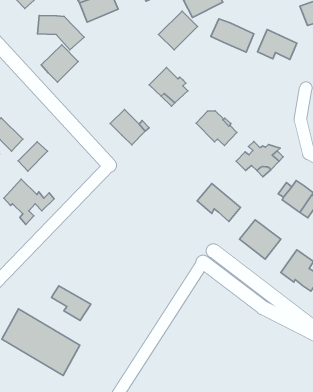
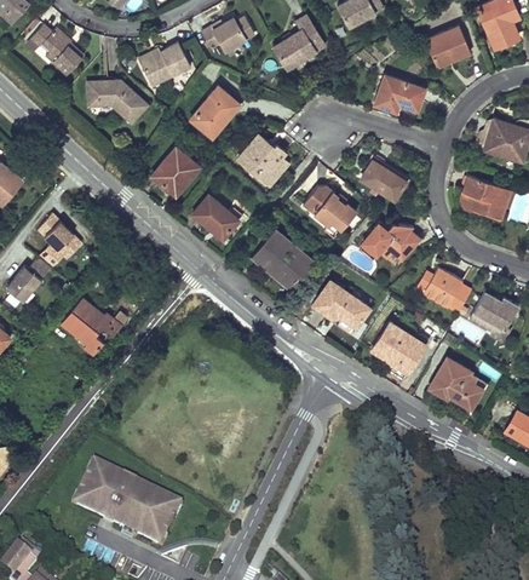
building: [159,11,198,50] -> [190,87,240,138]
building: [211,19,254,52] -> none
building: [41,45,78,82] -> [151,148,199,196]
building: none -> [361,157,408,201]
building: [18,142,48,171] -> none
building: none -> [255,234,309,283]
building: [51,286,91,320] -> none

